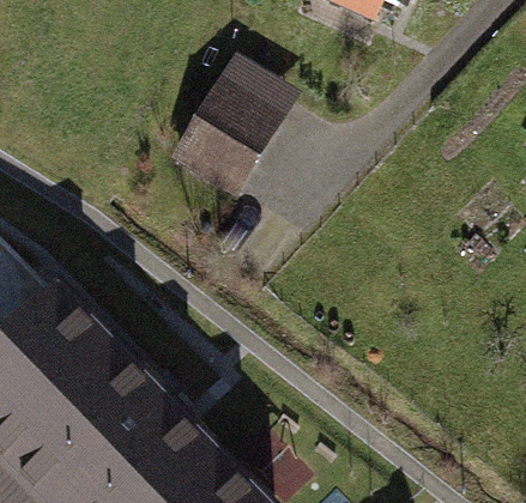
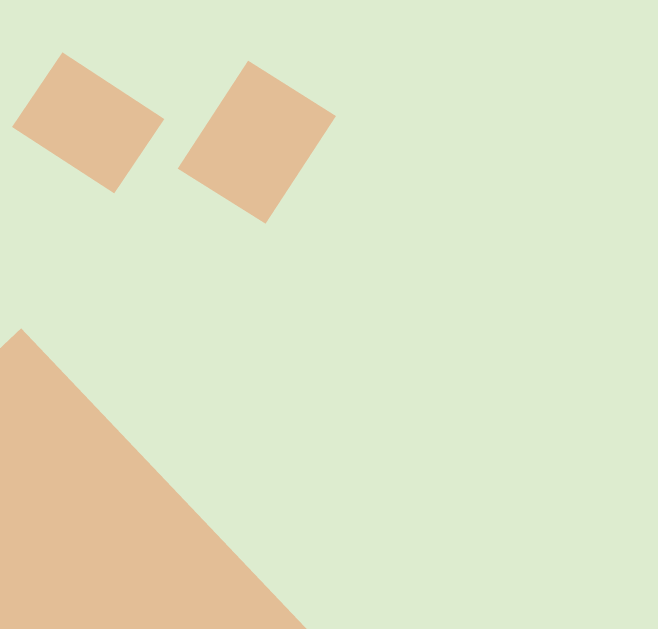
building: none -> [11,51,166,195]

